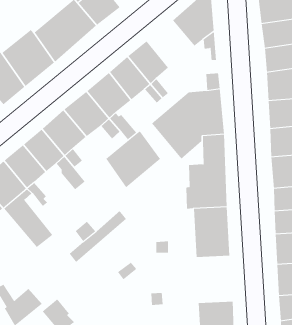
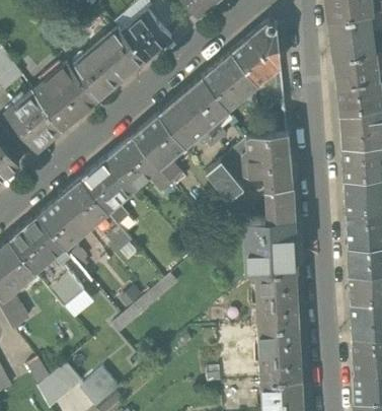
building: none -> [202,55,256,114]
building: [106,130,161,188] -> none
building: none -> [258,328,302,383]

